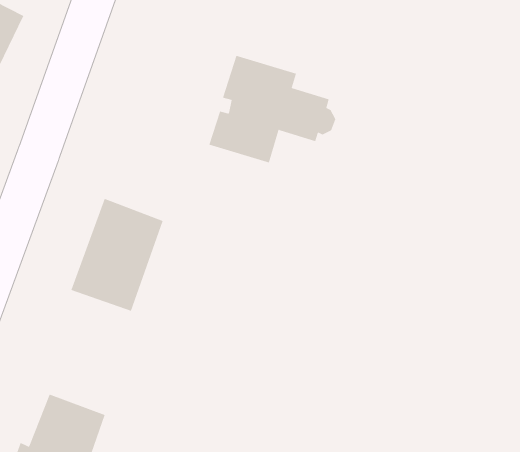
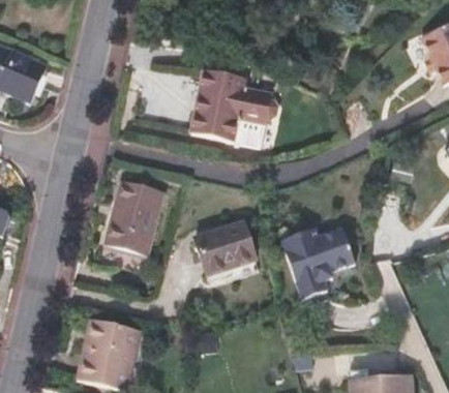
building: none -> [197,219,256,270]
building: none -> [282,224,356,297]

